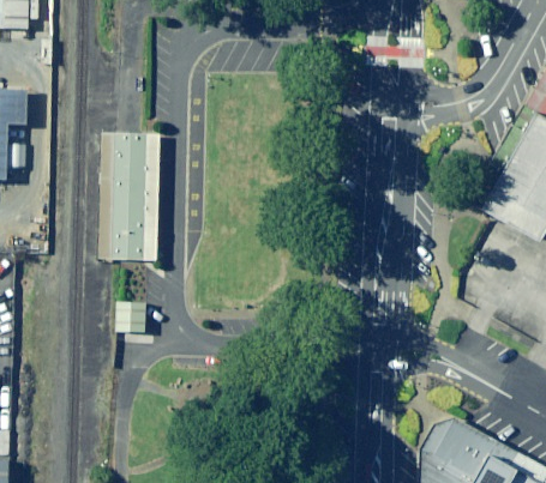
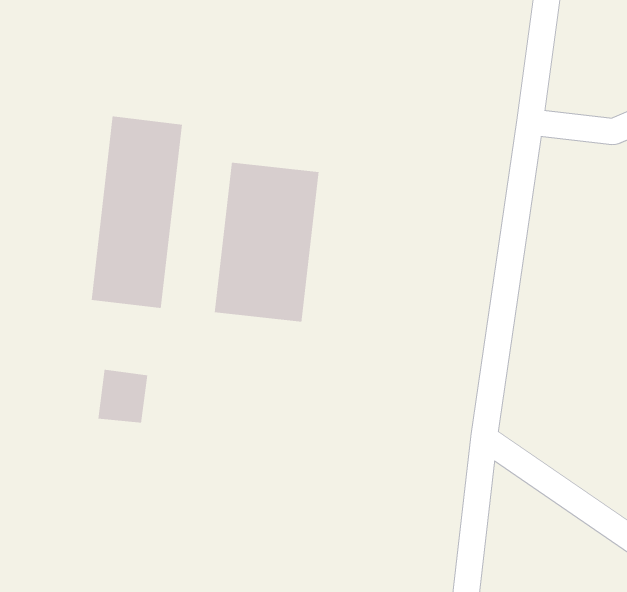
building: none -> [214,162,319,323]

